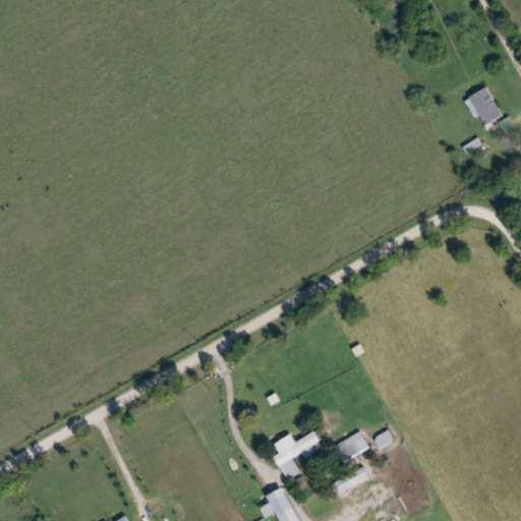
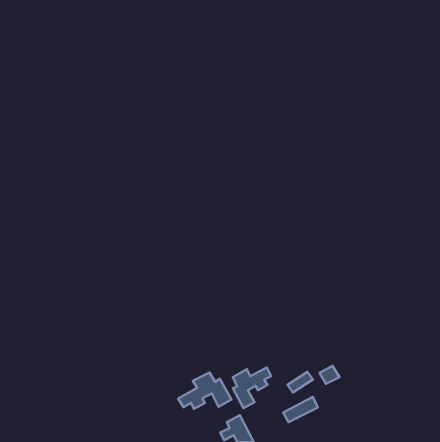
building: [467,86,501,126] -> none
building: none -> [178,372,231,409]

